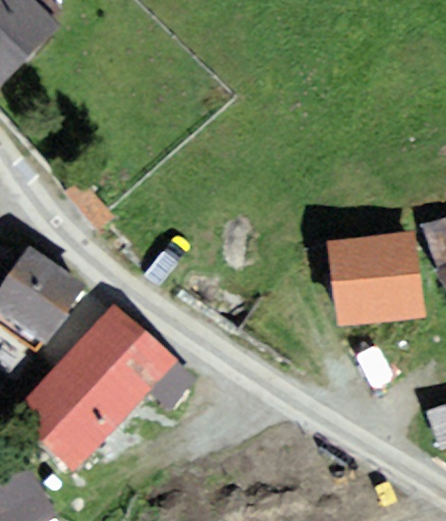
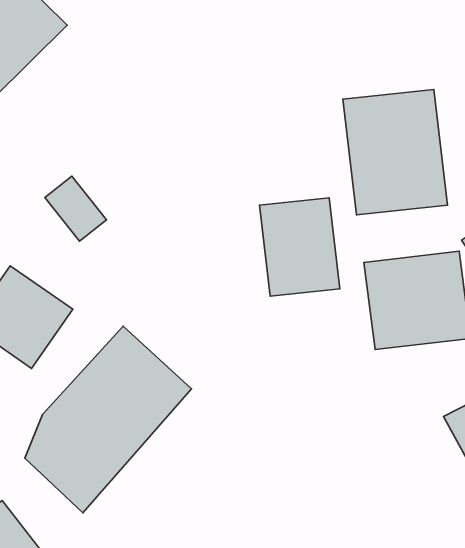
building: none -> [343,89,447,215]
building: none -> [260,198,340,296]

